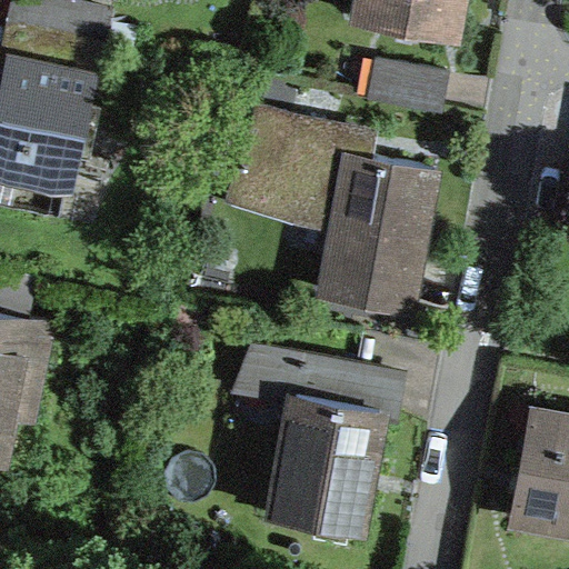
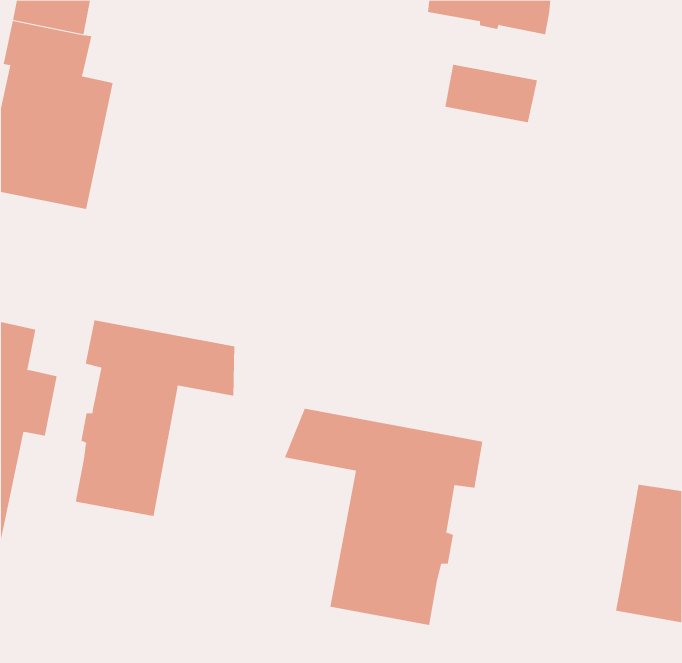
building: [230,118,436,317] -> none
building: none -> [75,319,235,517]

